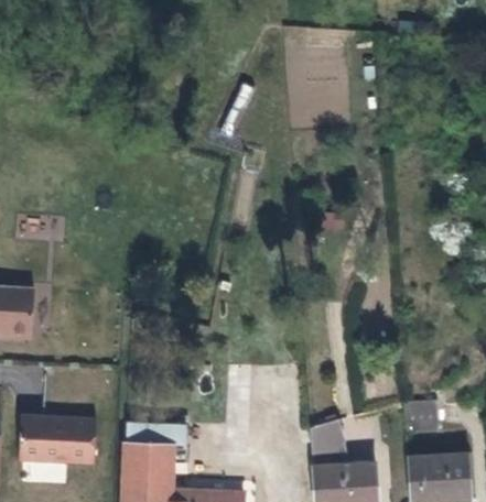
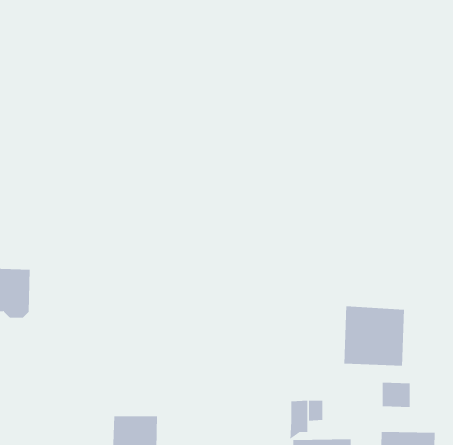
building: none -> [344,306,405,366]
building: [20,414,97,460] -> none

